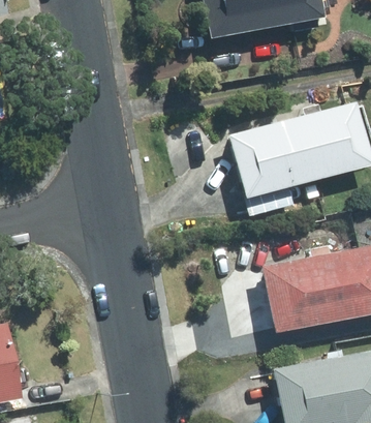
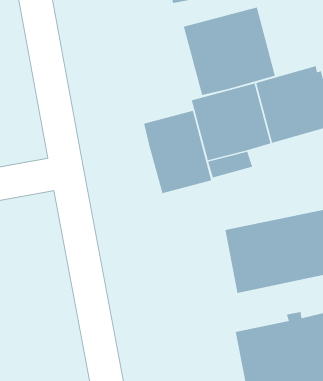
building: none -> [183,6,276,96]
building: none -> [143,110,212,194]

